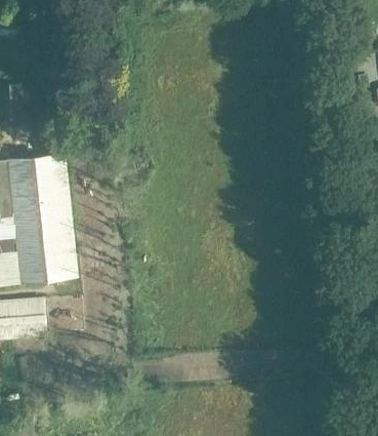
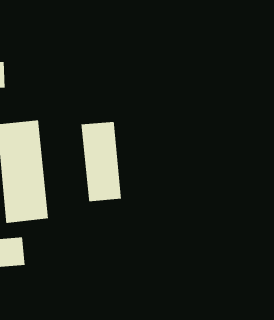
building: none -> [81,121,122,202]

